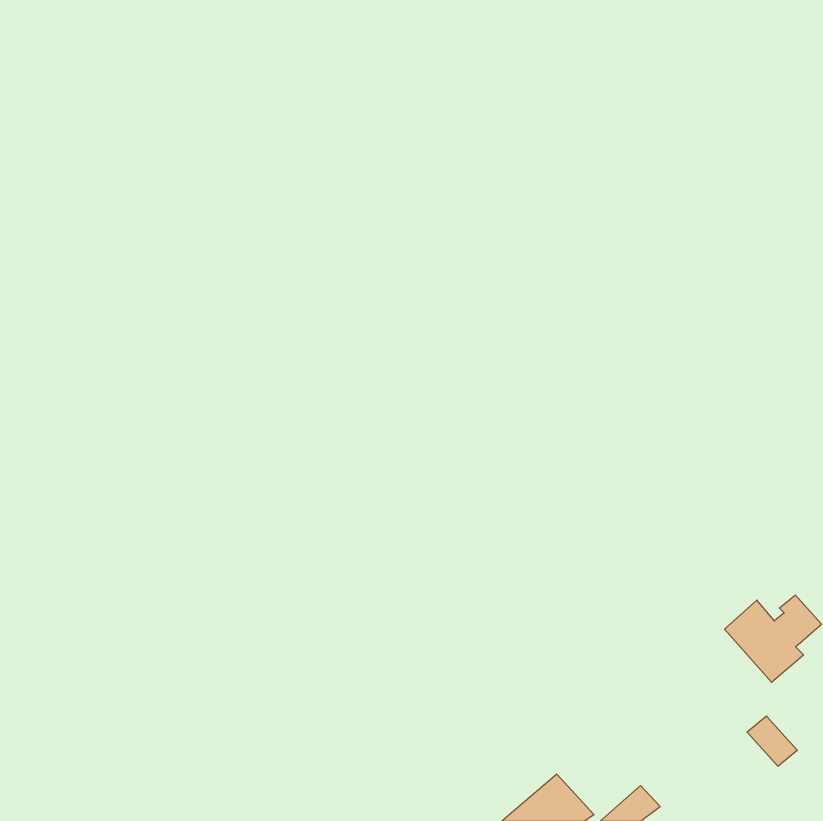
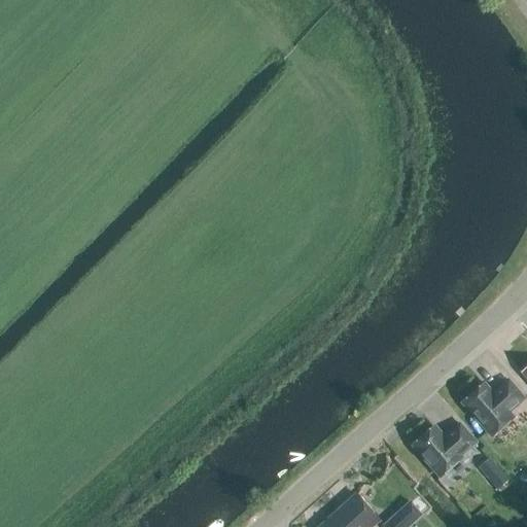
building: none -> [414,423,477,477]

